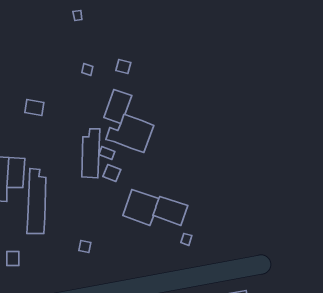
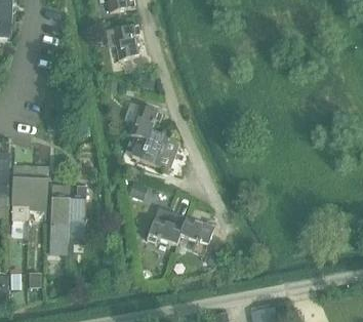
building: none -> [114,27,138,59]
building: [82,129,100,178] -> [68,188,86,238]

